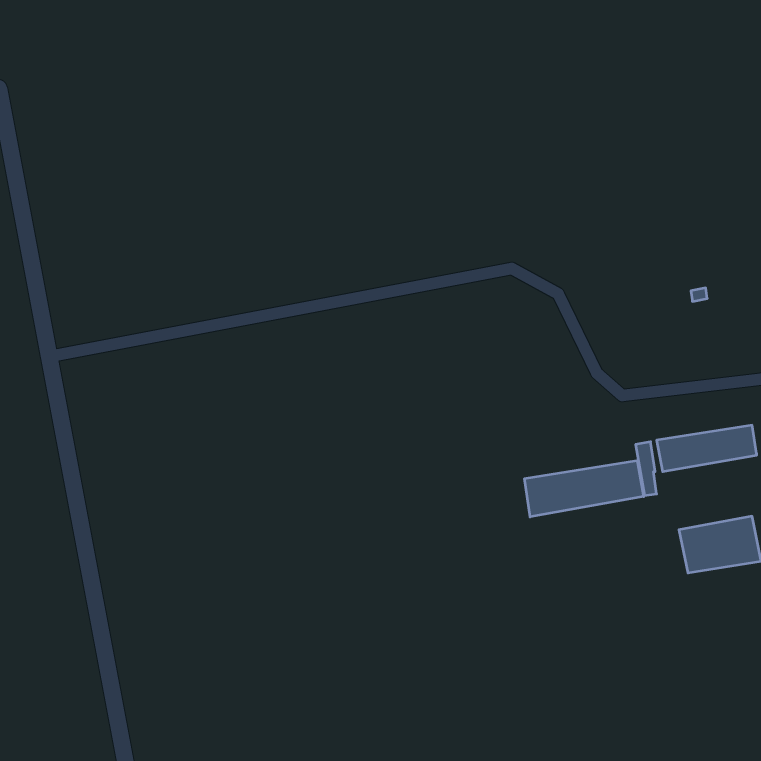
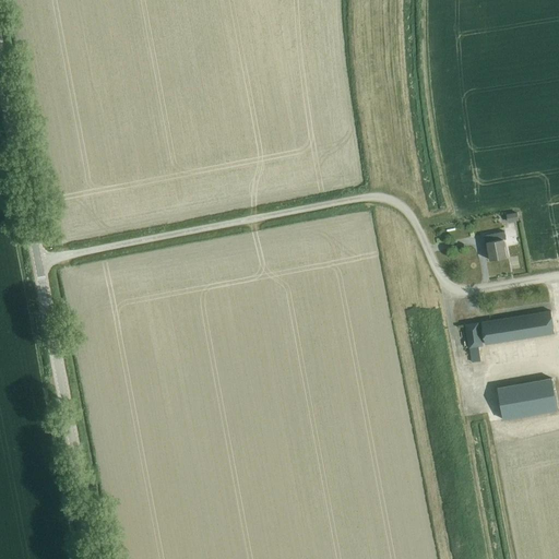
building: none -> [483,233,506,261]
building: [525,461,644,517] -> none

